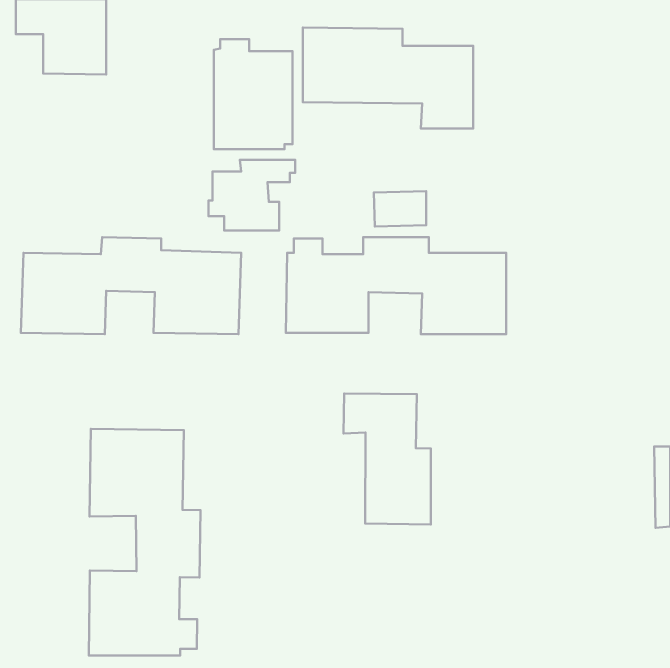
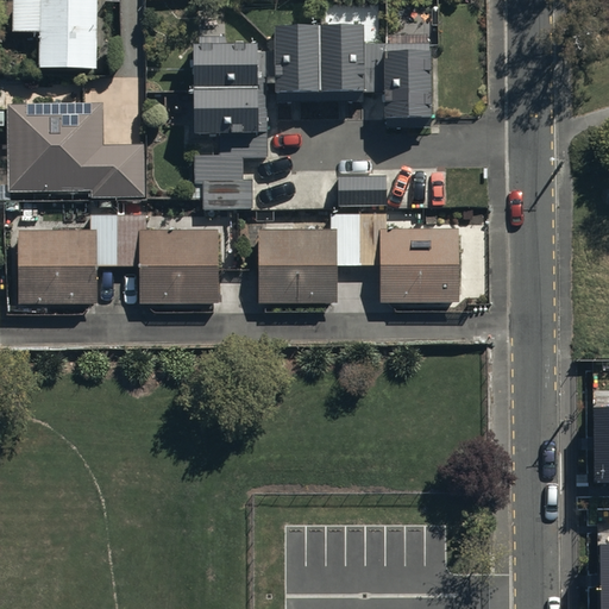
building: none -> [7,103,143,197]
building: [344,393,431,524] -> none
building: [89,429,200,655] -> none

